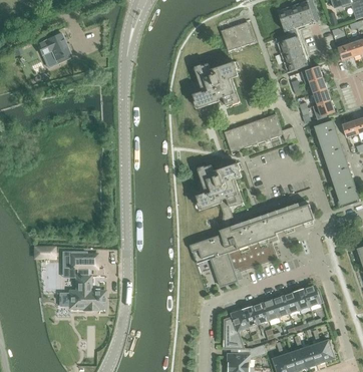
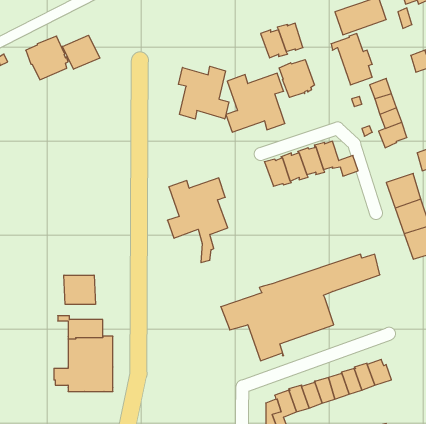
building: none -> [62,35,100,69]
building: none -> [279,60,314,97]
building: none -> [178,66,229,119]
building: [313,119,340,146] -> none
building: [197,161,244,228] -> [167,178,228,263]
building: none -> [64,275,95,304]

